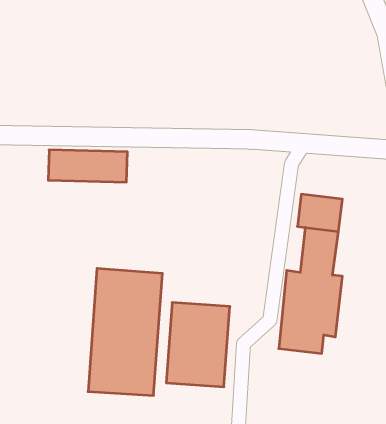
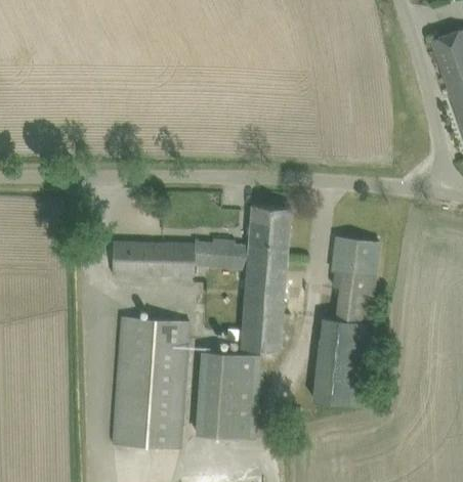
building: [48,150,127,182] -> [111,244,194,277]
building: none -> [210,207,290,352]

